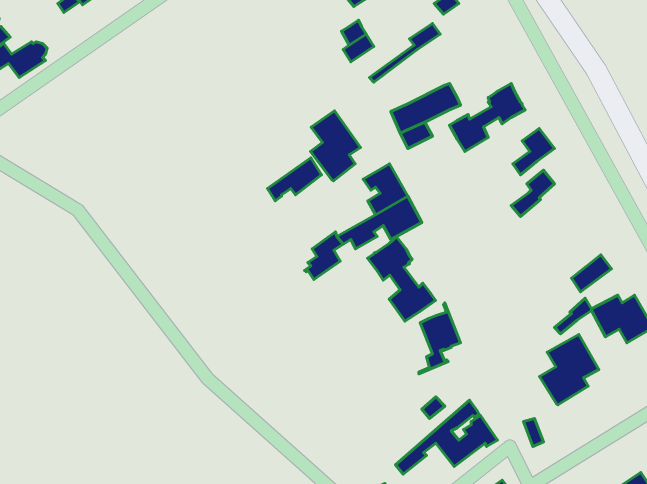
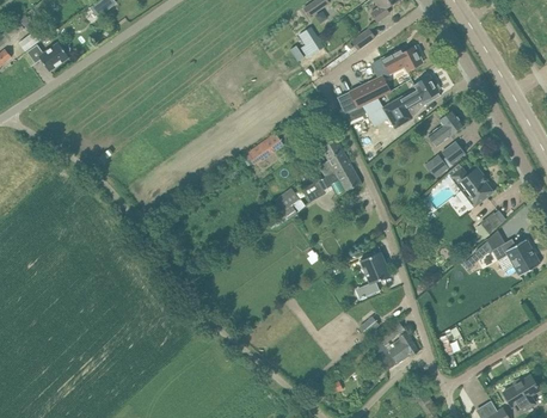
building: none -> [371,45,423,75]
building: [310,111,361,181] -> none
building: none -> [449,162,493,205]
building: [367,237,436,321] -> none
building: [539,334,599,405] -> none

